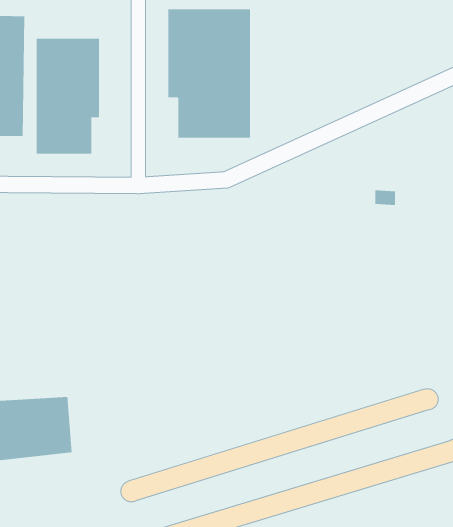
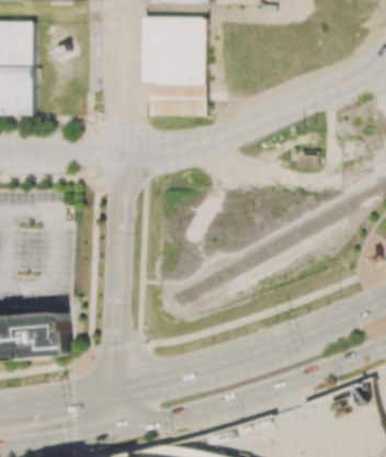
building: [36,38,99,154] -> none

